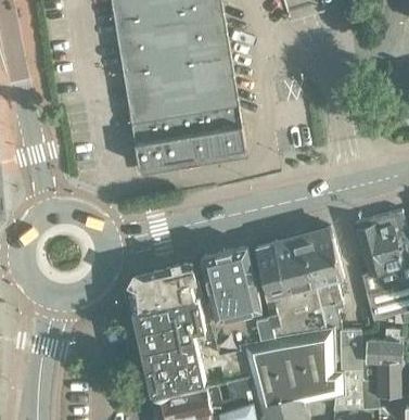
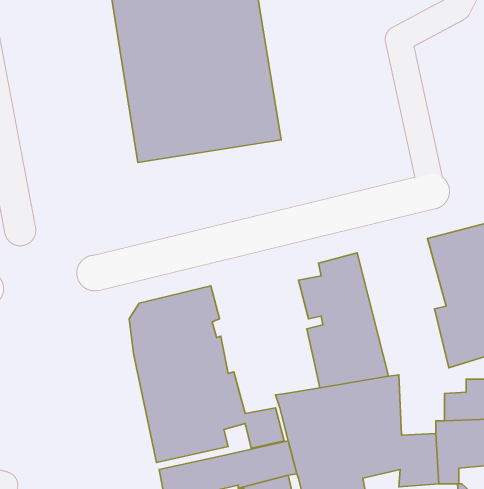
building: [303,228,362,372] -> none
building: [202,246,274,356] -> none

